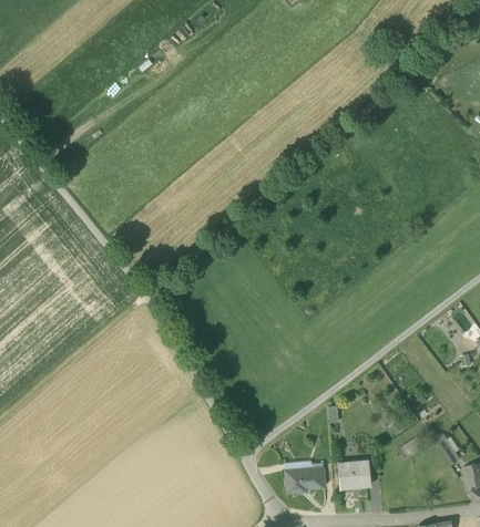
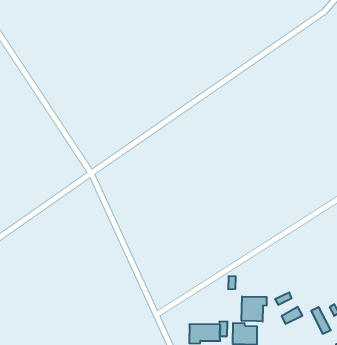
building: none -> [242,296,267,322]

